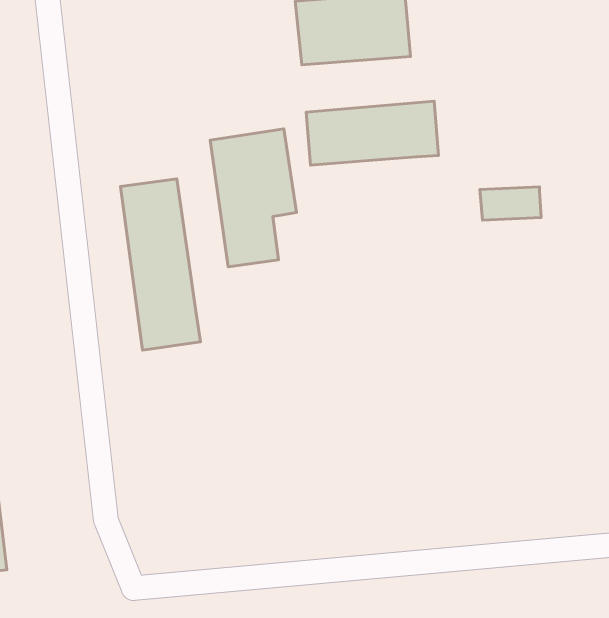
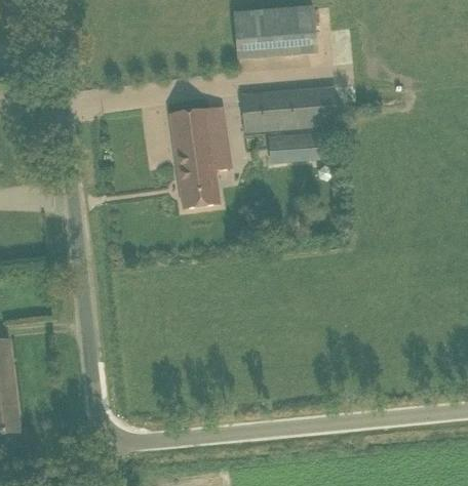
building: [121,179,200,350] -> none
building: [480,187,541,220] -> [282,131,327,156]

